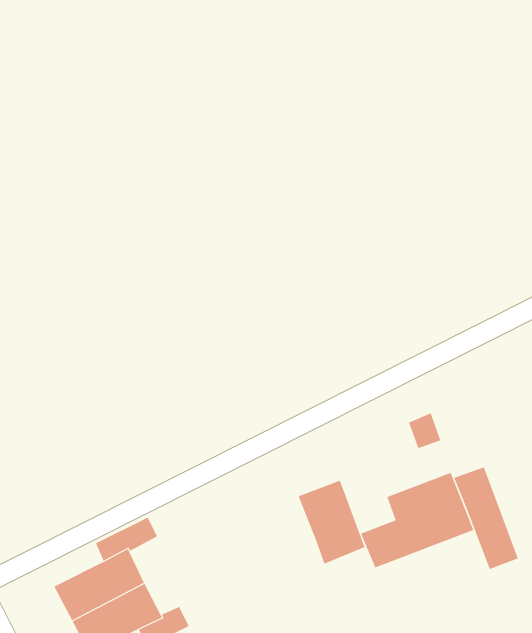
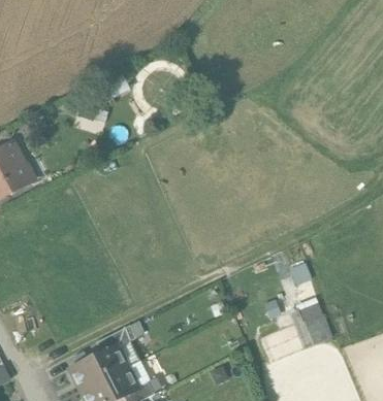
building: [453,467,518,570] -> none
building: [298,480,365,564] -> none

